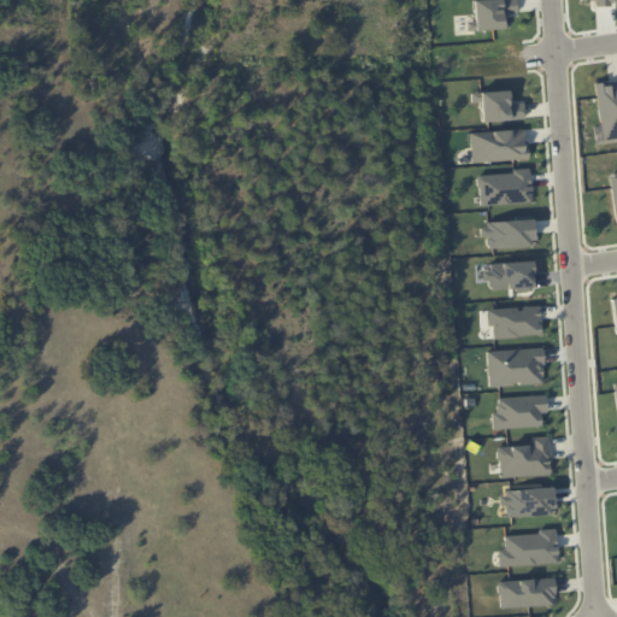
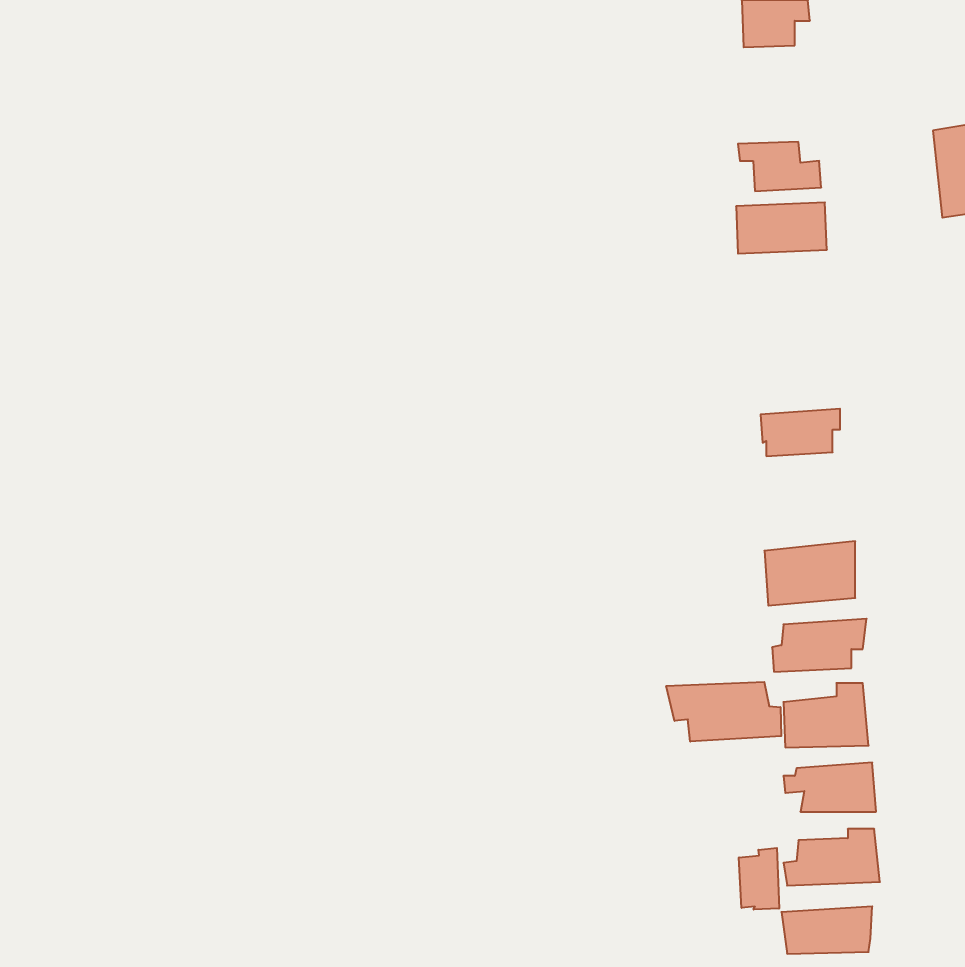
building: [477,171,531,205] -> none
building: [480,218,535,249] -> none
building: [487,304,545,337] -> none
building: none -> [666,682,781,742]
building: none -> [739,848,779,910]

